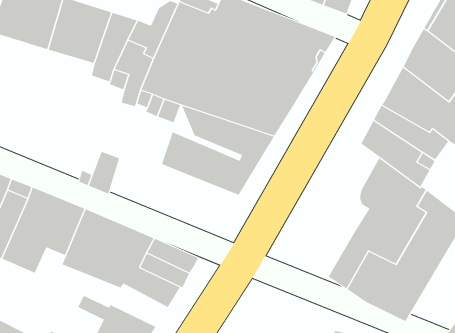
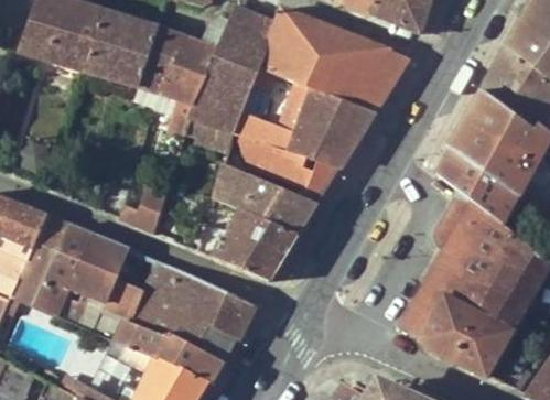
building: none -> [198,210,300,281]
building: none -> [72,293,220,381]

